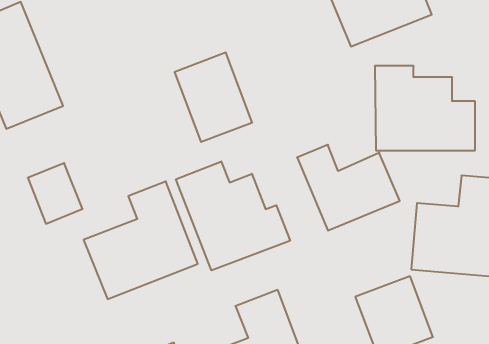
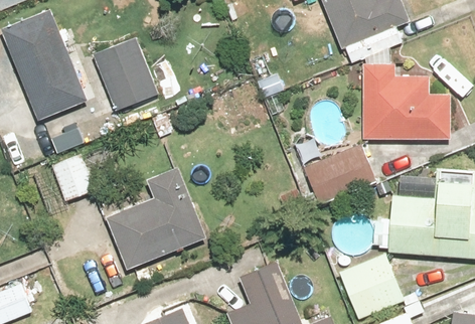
building: [175,53,252,142] -> [97,35,165,114]
building: [176,161,290,270] -> none

